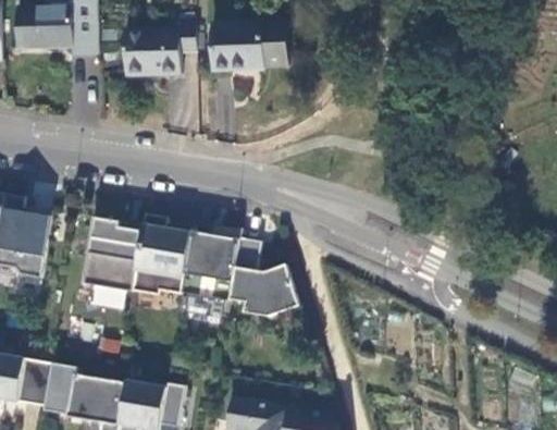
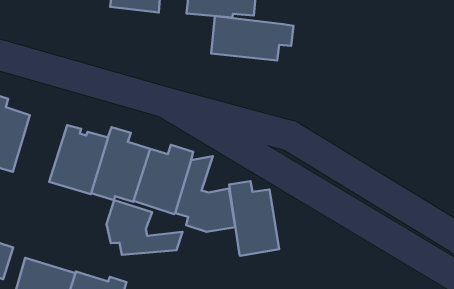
building: none -> [211,16,294,61]
building: none -> [229,181,279,256]
building: none -> [106,200,183,255]

